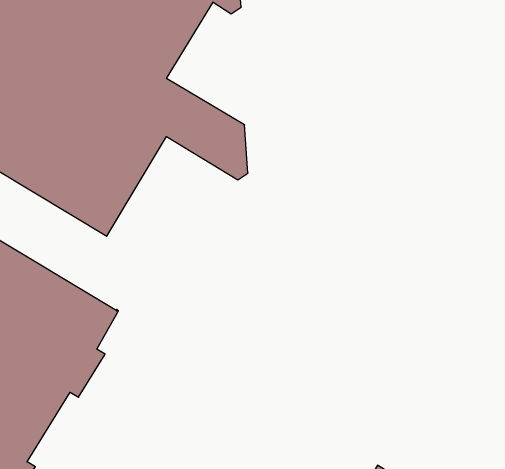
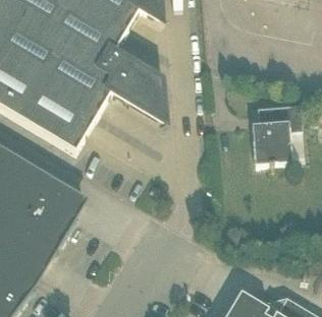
building: none -> [252,104,303,167]

